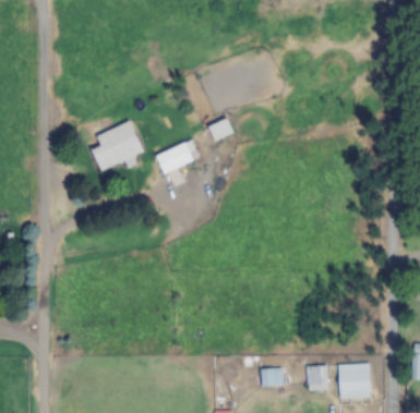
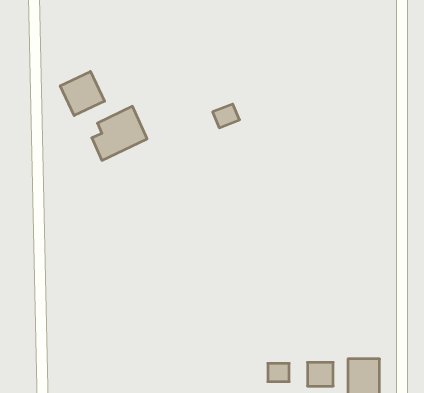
building: none -> [60,71,105,116]
building: [156,141,201,173] -> none

